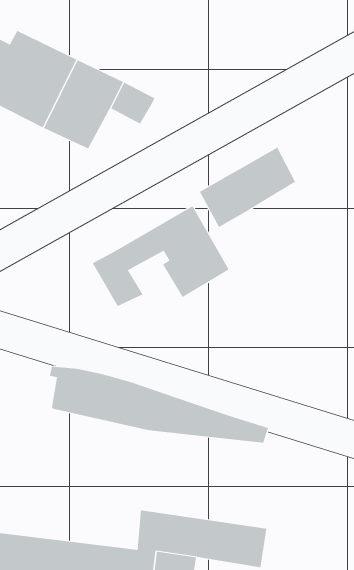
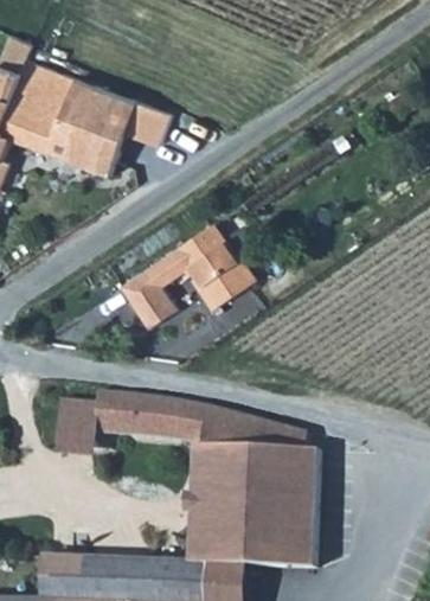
building: [199,147,296,228] -> none
building: none -> [54,398,95,459]
building: none -> [182,445,320,530]

